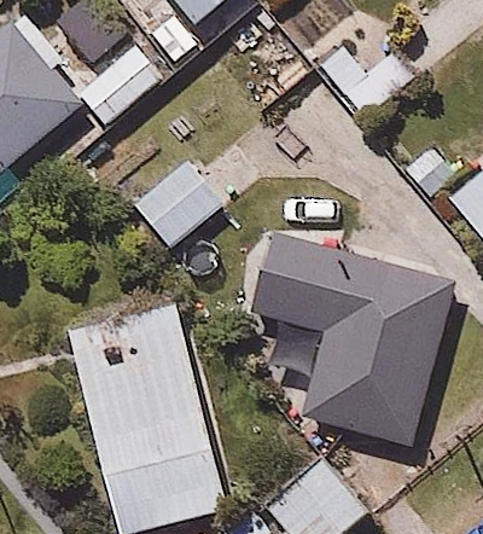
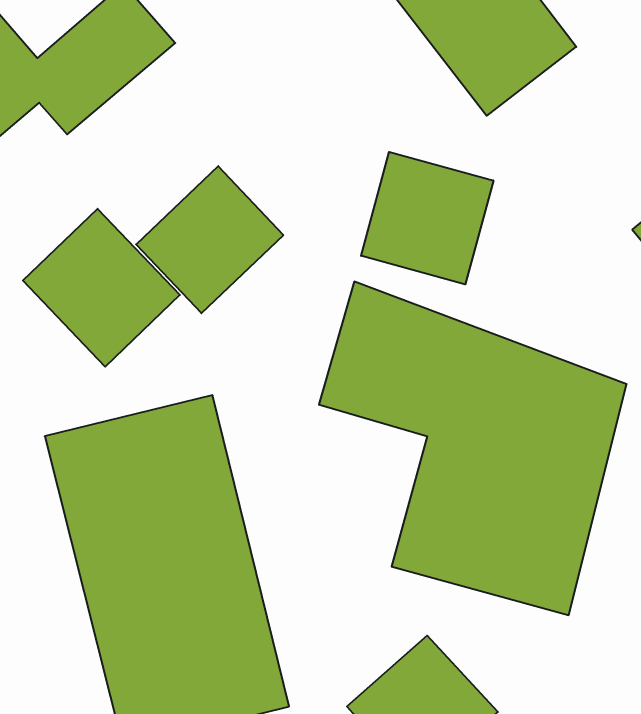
building: none -> [361,152,493,284]
building: none -> [23,209,180,367]

